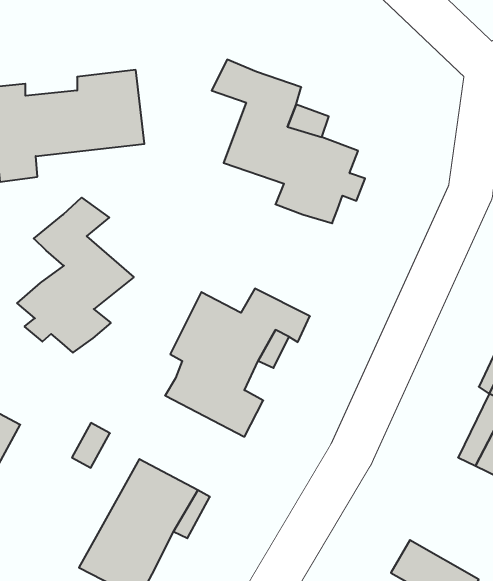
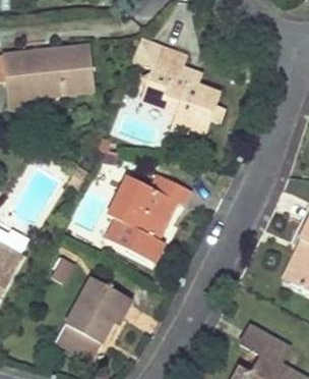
building: [17,198,134,353] -> none

